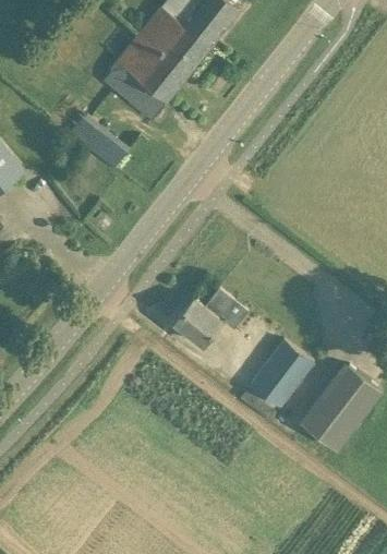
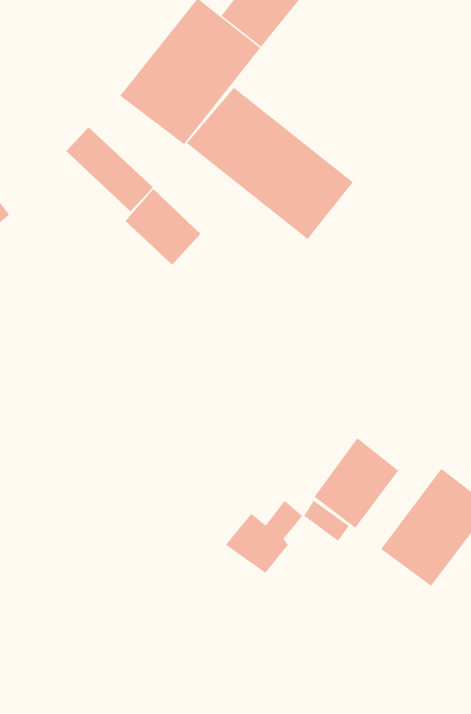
building: none -> [186,87,354,240]
building: none -> [124,188,201,265]
building: [173,287,232,342] -> [225,500,303,574]

